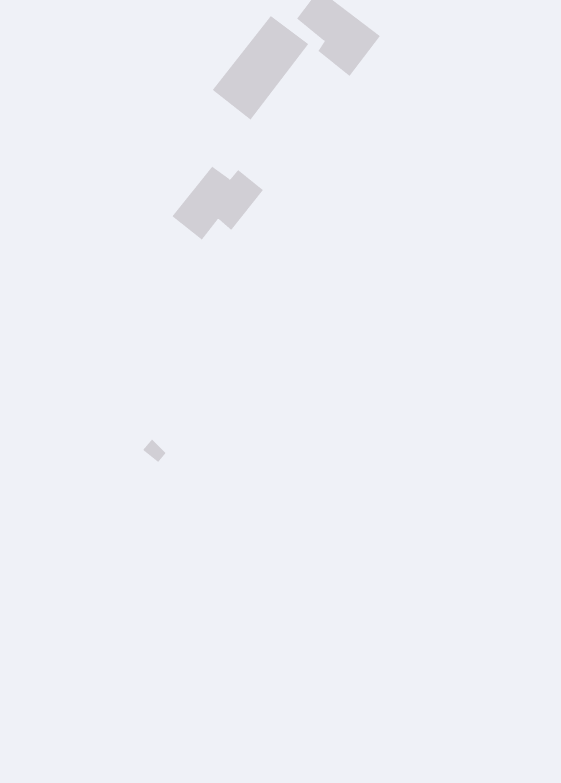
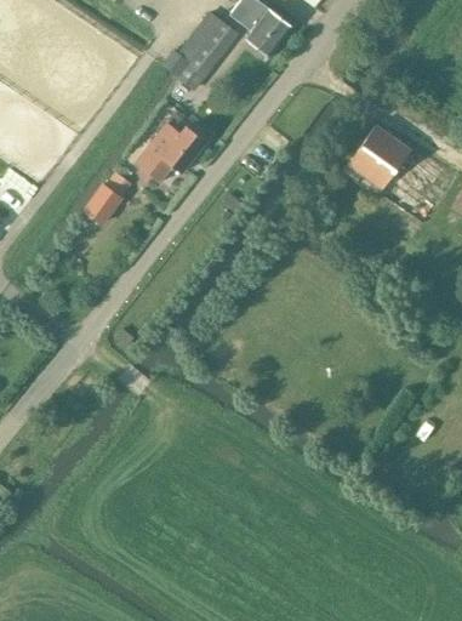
building: none -> [347,124,409,187]
building: none -> [84,184,121,224]

